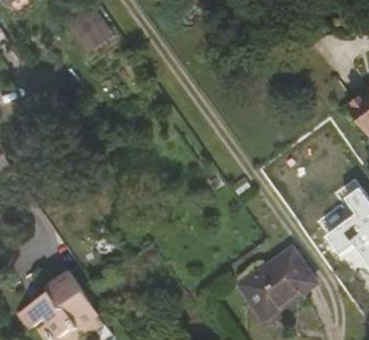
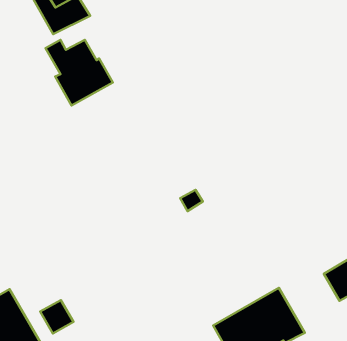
building: none -> [45,40,113,105]

